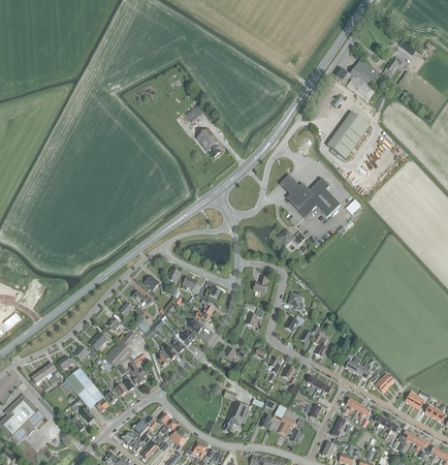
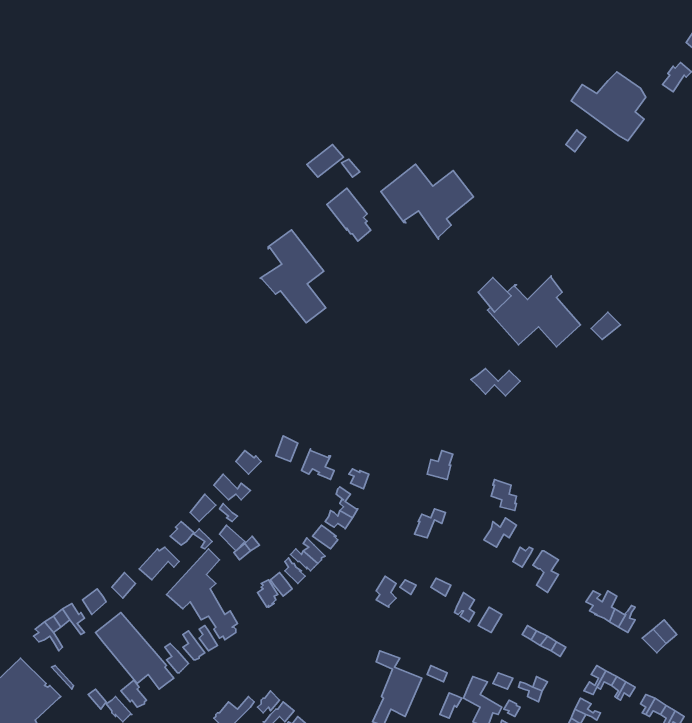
building: [327,112,370,158] -> none
building: none -> [381,164,473,239]
building: none -> [260,230,326,323]

